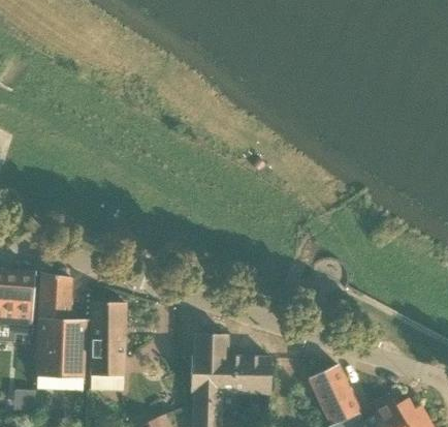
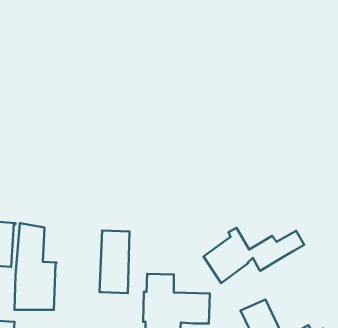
building: none -> [204,228,304,283]
building: [90,301,126,376] -> [100,230,130,293]

